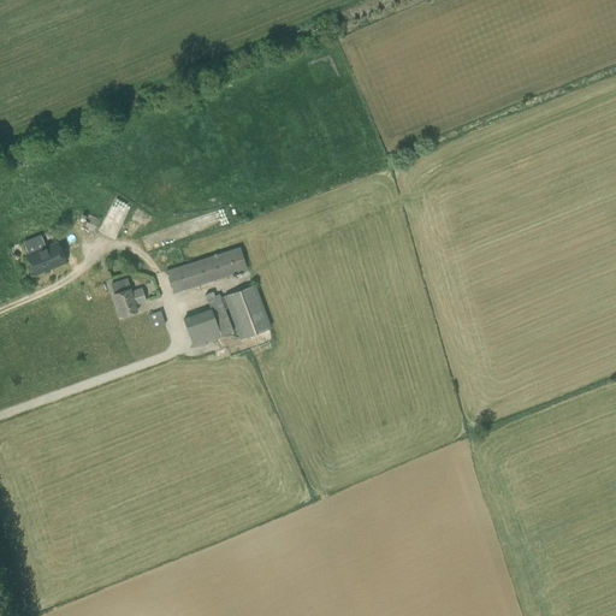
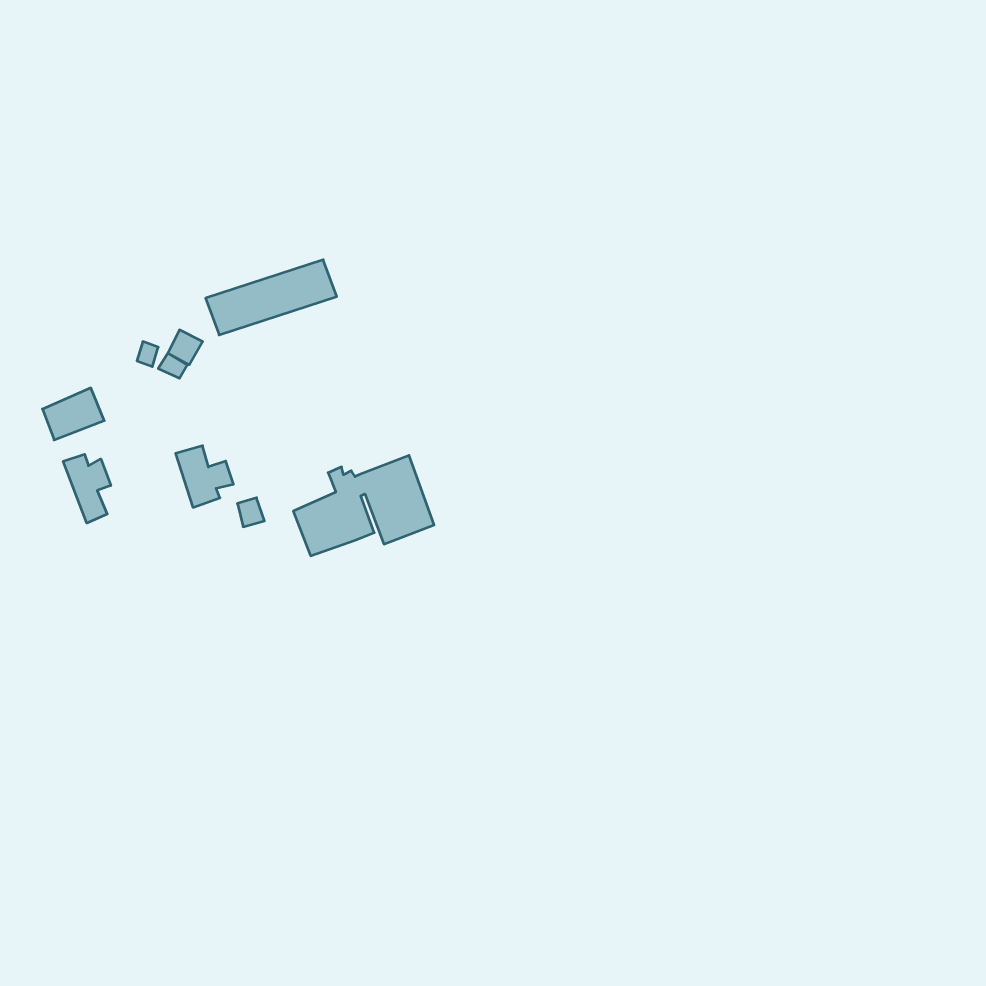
building: [165,247,247,294] -> [206,260,337,335]
building: none -> [63,454,111,523]

